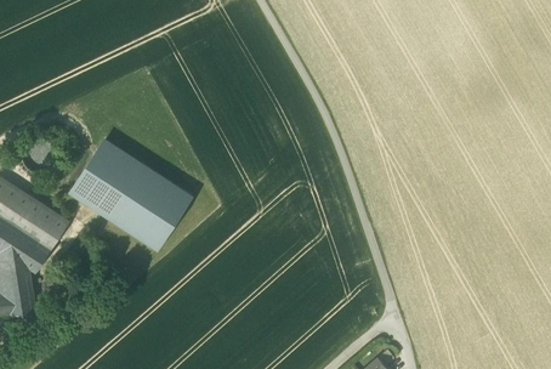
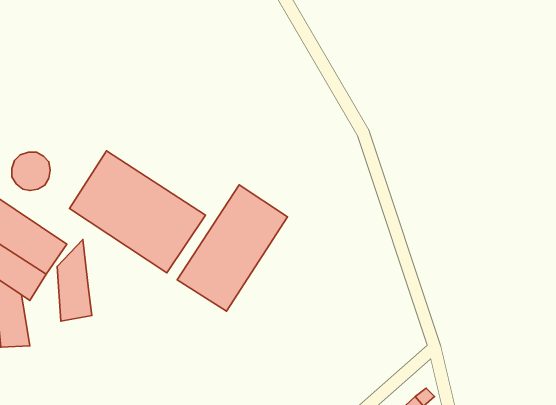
building: none -> [177,185,287,311]
building: none -> [57,239,92,321]

